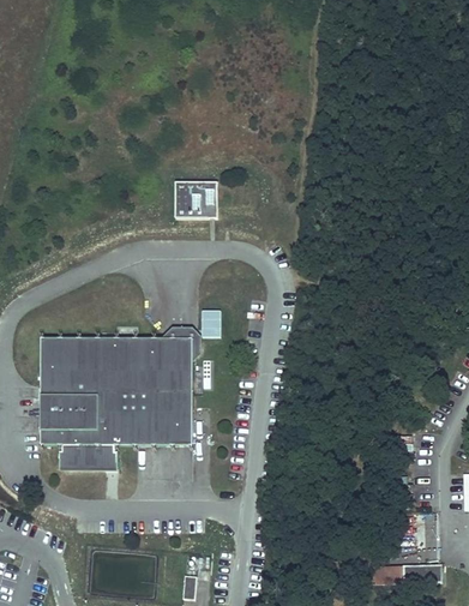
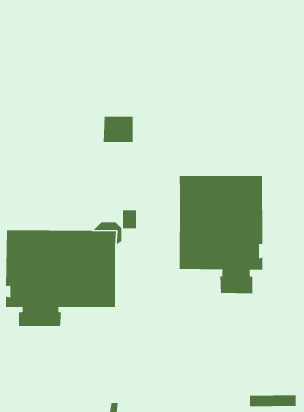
building: none -> [179,175,263,294]

